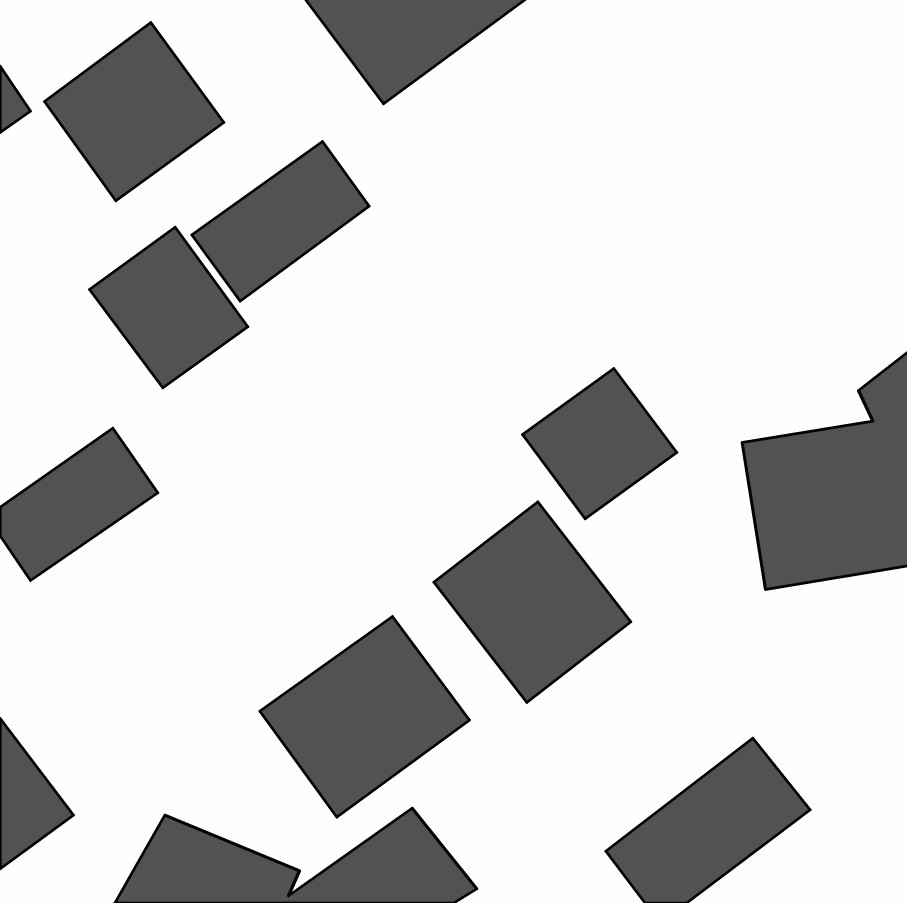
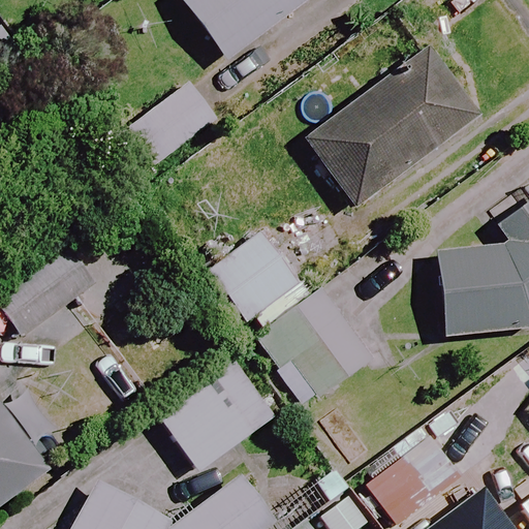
building: [44,22,224,201] -> none
building: none -> [306,52,475,208]
building: [90,227,248,388] -> none
building: [523,368,677,519] -> [211,234,300,320]

